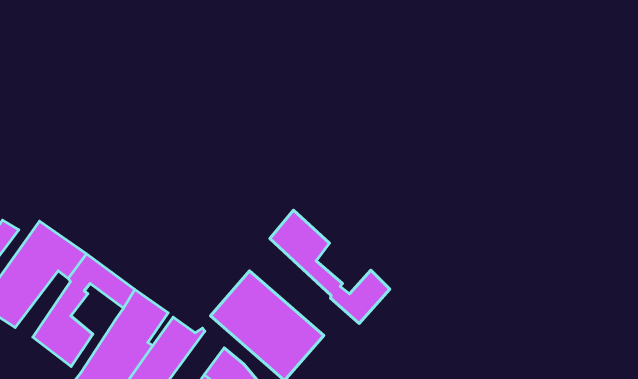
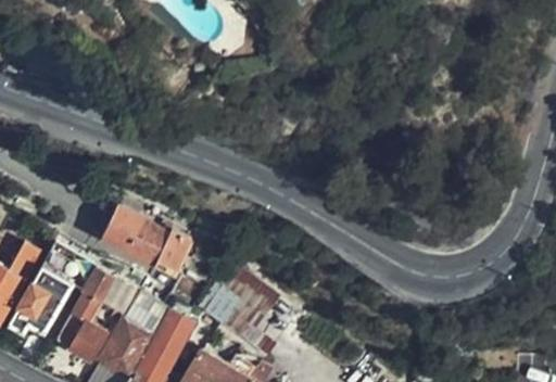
building: none -> [93,214,180,272]
building: [270,210,390,323] -> none

